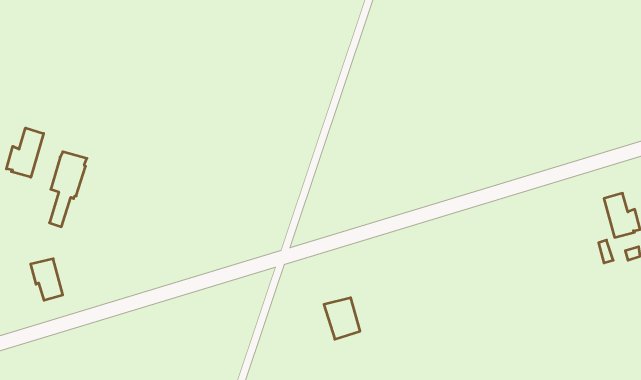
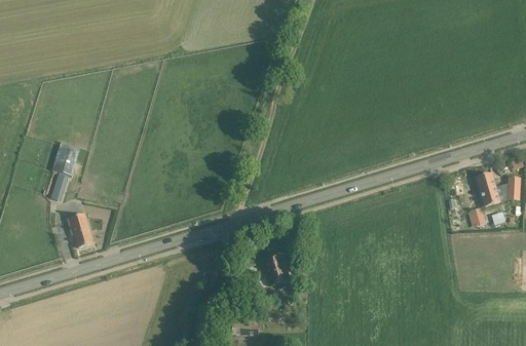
building: [6,128,44,177] -> none
building: [31,259,63,300] -> [67,214,91,245]

